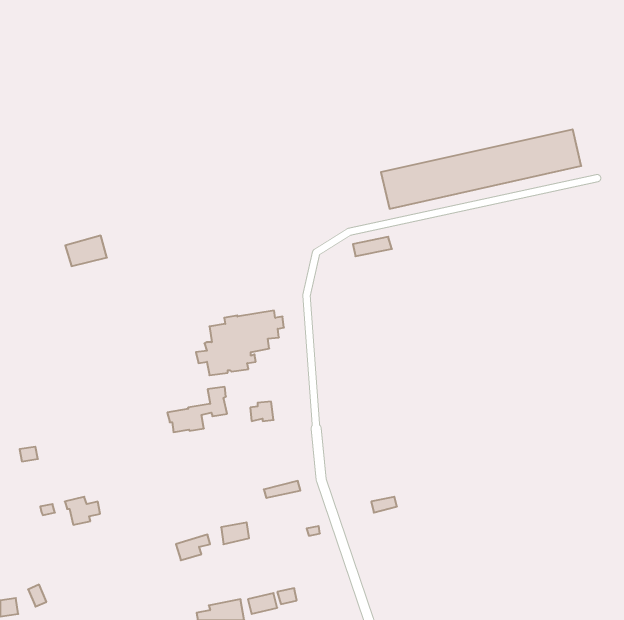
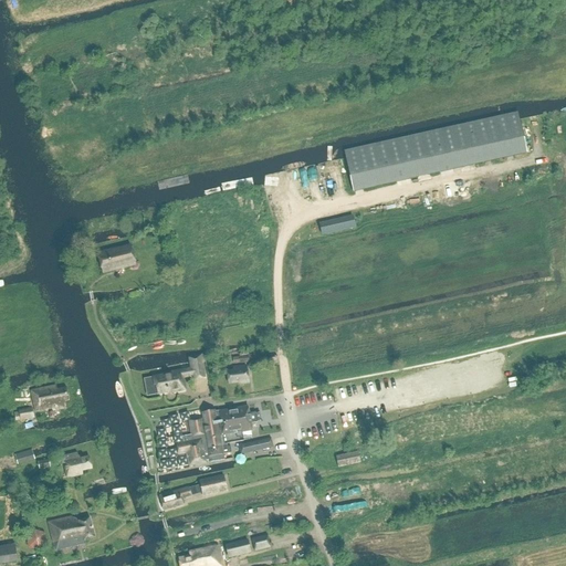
building: [65,236,107,266] -> [97,242,135,270]
building: [196,311,284,375] -> [177,403,256,462]
building: none -> [31,384,69,408]
building: none -> [48,513,94,548]

